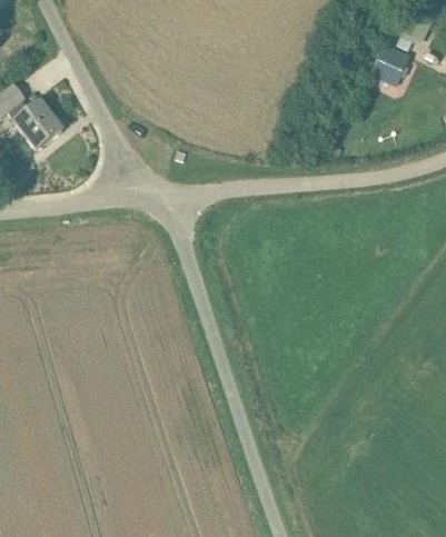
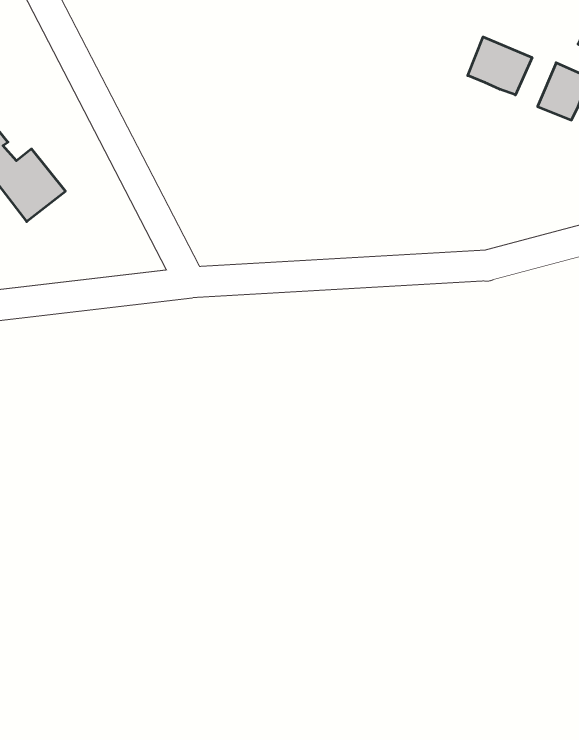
building: none -> [468,37,532,95]

